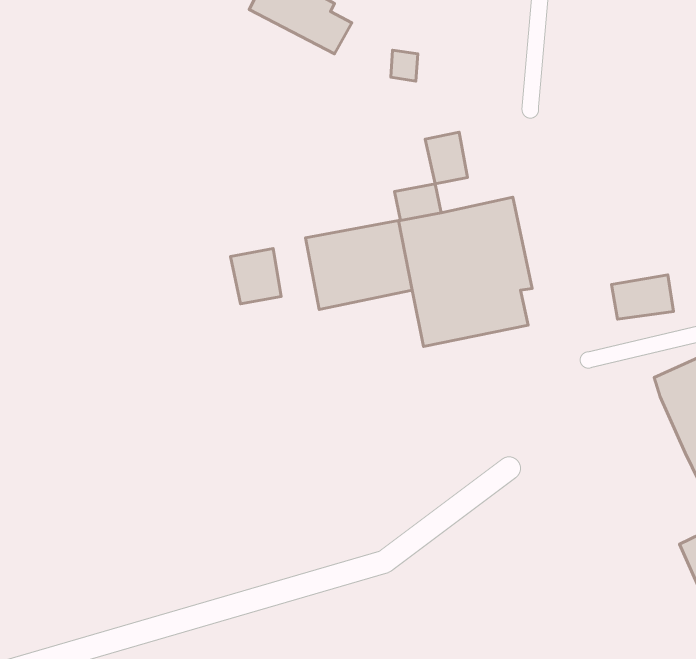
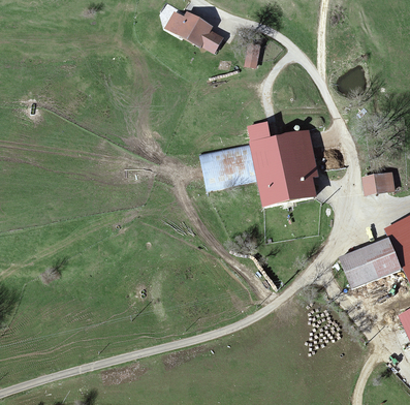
building: [425,132,467,184] -> none
building: [230,249,281,304] -> none
building: none -> [338,237,402,286]

